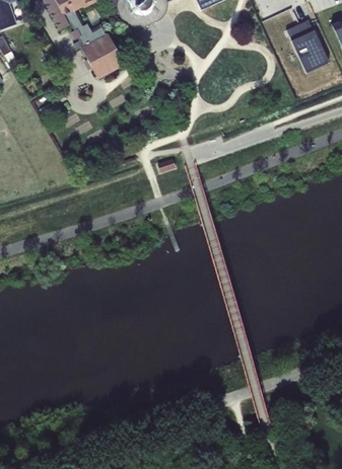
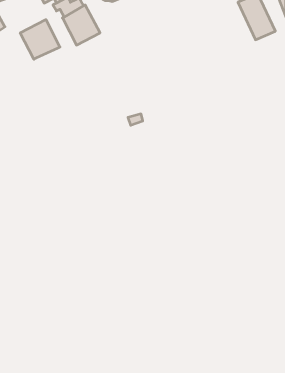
building: none -> [20,20,60,59]

